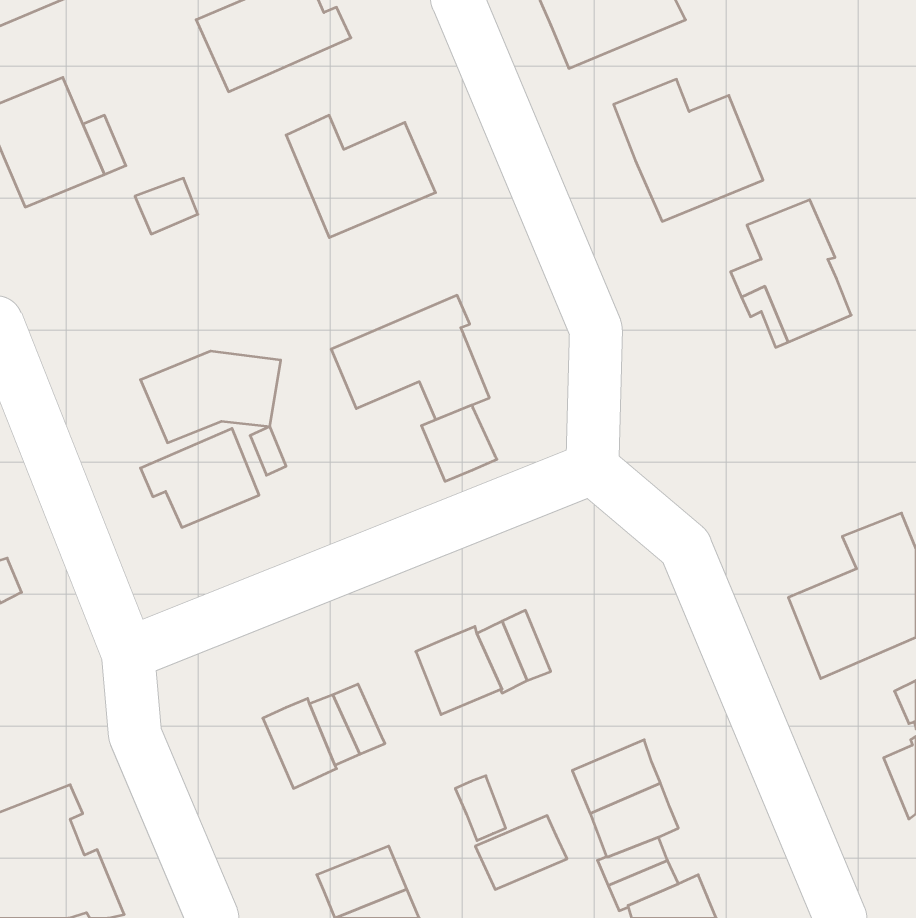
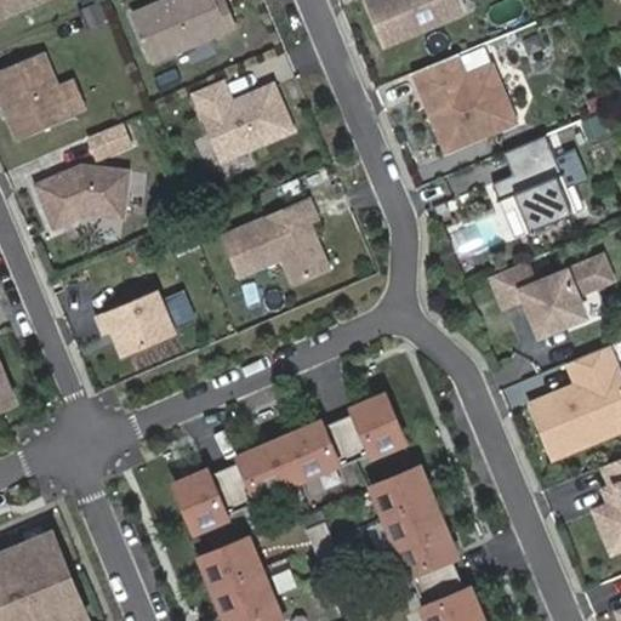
building: [140,351,281,443] -> [34,166,129,228]
building: none -> [491,256,611,335]
building: [421,405,497,481] -> none
building: none -> [353,395,403,456]
building: none -> [240,439,297,498]
building: none -> [201,541,262,589]
building: [475,816,567,889] -> [372,469,434,519]

